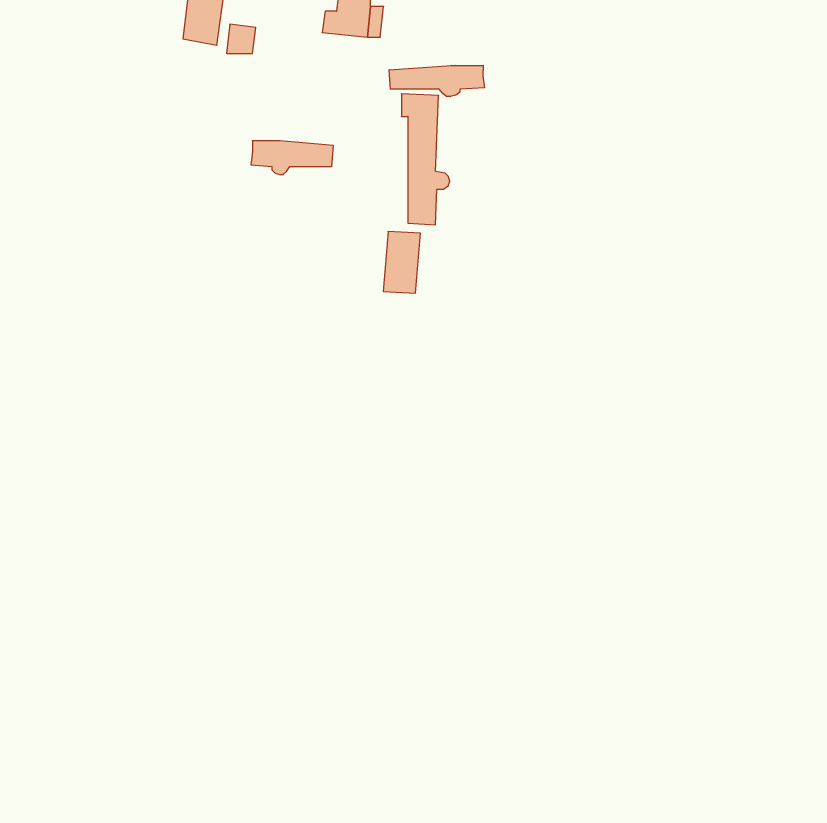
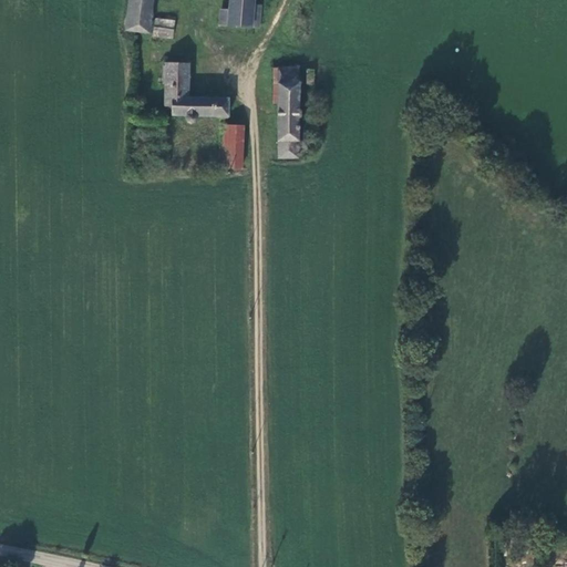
building: [389,65,484,97] -> none
building: none -> [163,64,189,104]
building: [383,232,420,293] -> [218,125,244,167]

